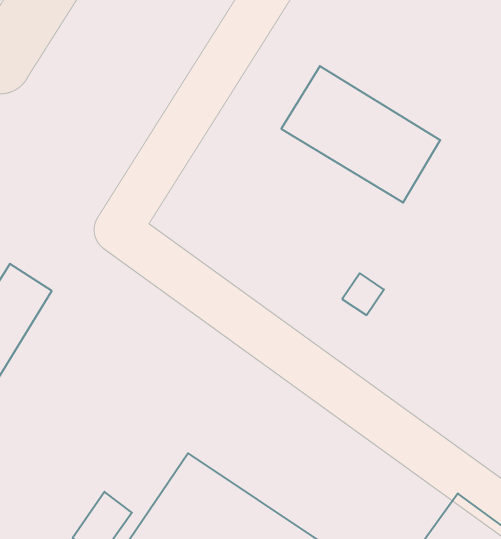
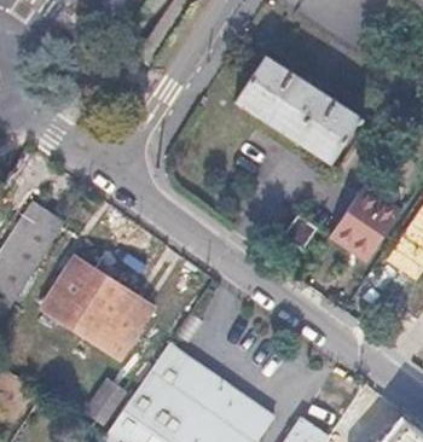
building: none -> [329,185,395,255]
building: none -> [46,258,152,355]

